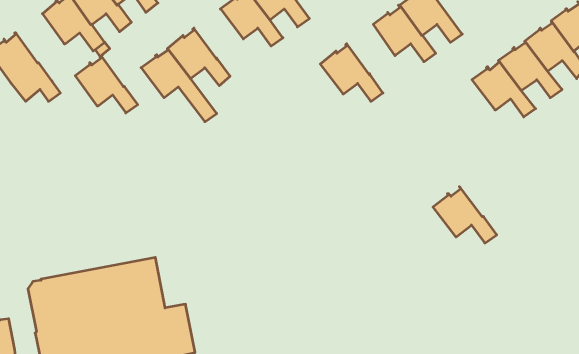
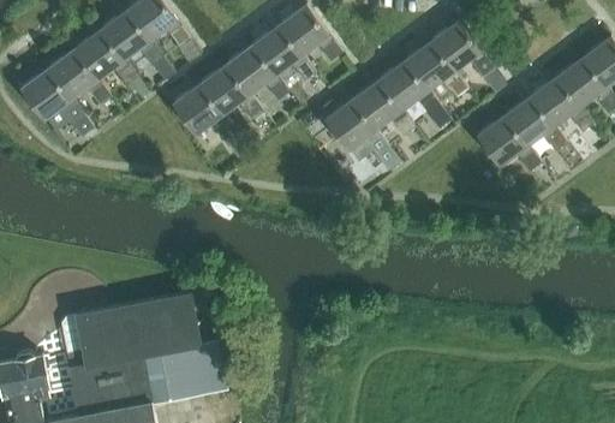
building: none -> [227,43,289,100]
building: none -> [380,59,450,129]
building: [75,57,138,113] -> [49,48,112,105]
building: none -> [327,99,399,168]
building: [433,187,497,243] -> [478,114,542,171]

